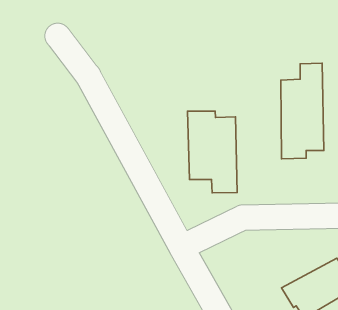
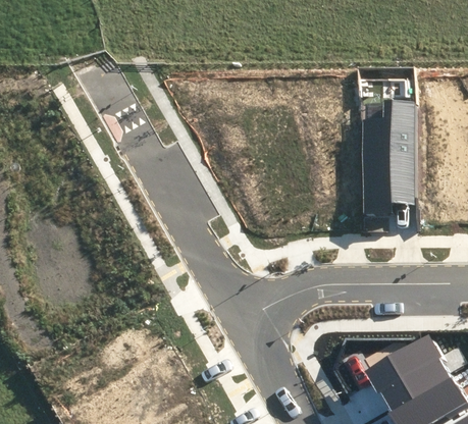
building: [187,111,237,193] -> none

